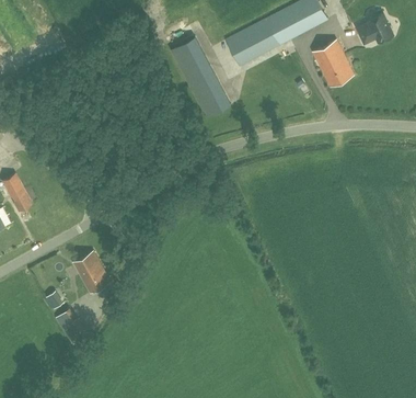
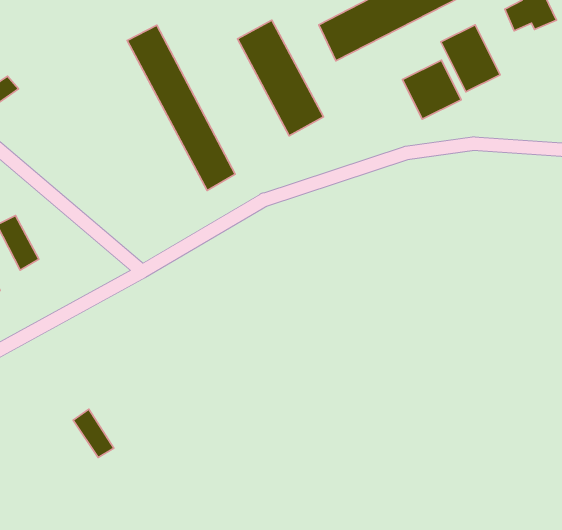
building: none -> [127,25,235,191]
building: none -> [402,60,461,119]
building: [72,250,109,293] -> none

